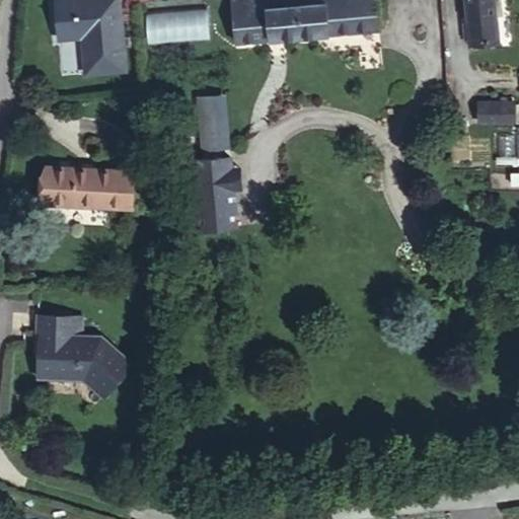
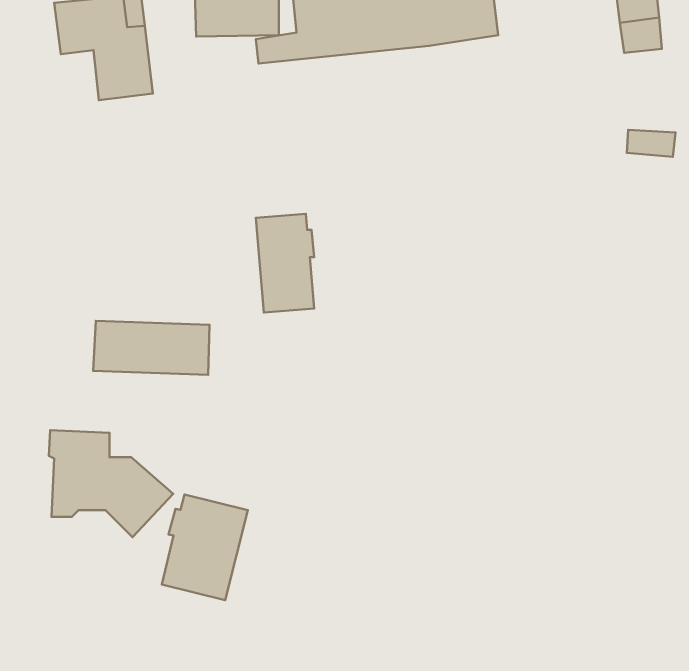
building: [200,100,230,153] -> none
building: [52,159,139,200] -> [93,321,209,375]
building: none -> [162,494,248,600]

